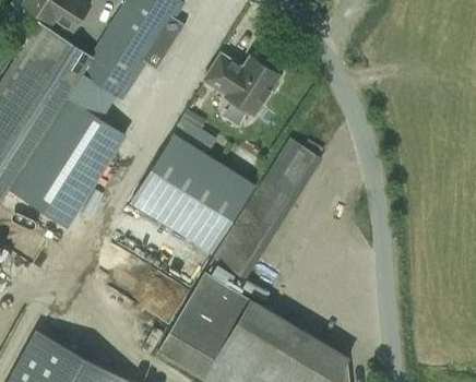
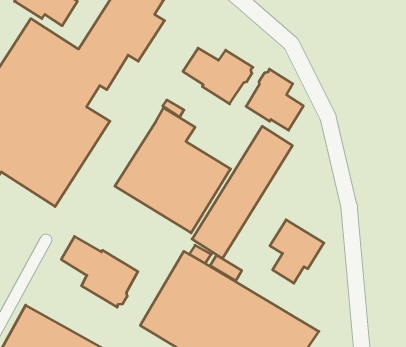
building: none -> [246,69,303,130]
building: none -> [270,220,324,283]
building: none -> [61,236,138,307]

